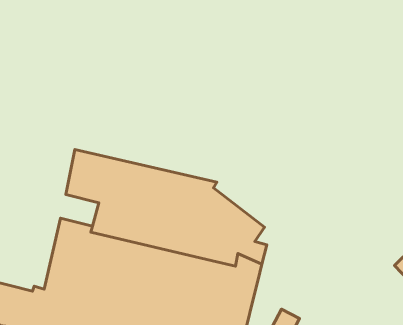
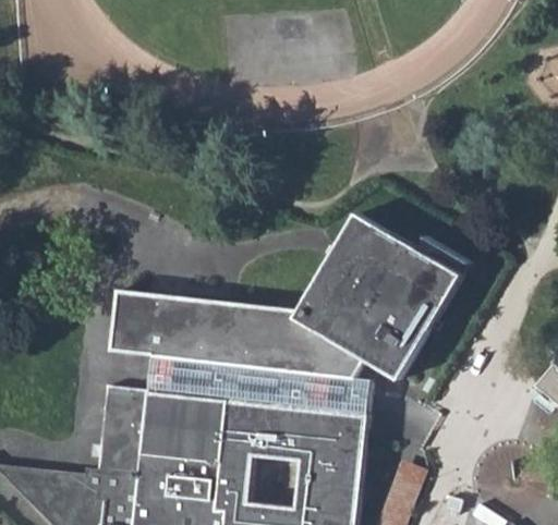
building: none -> [296,216,461,380]

